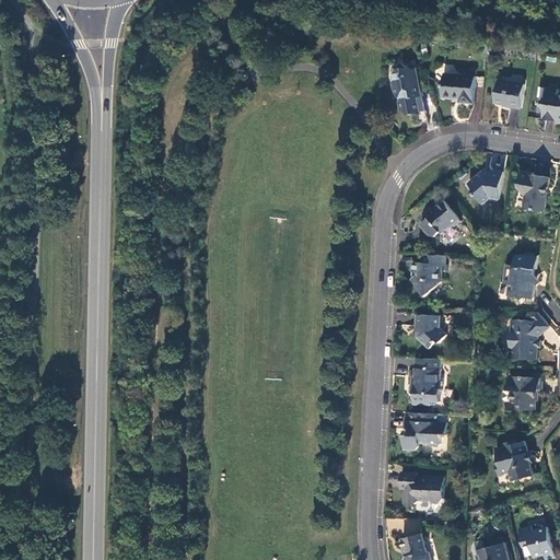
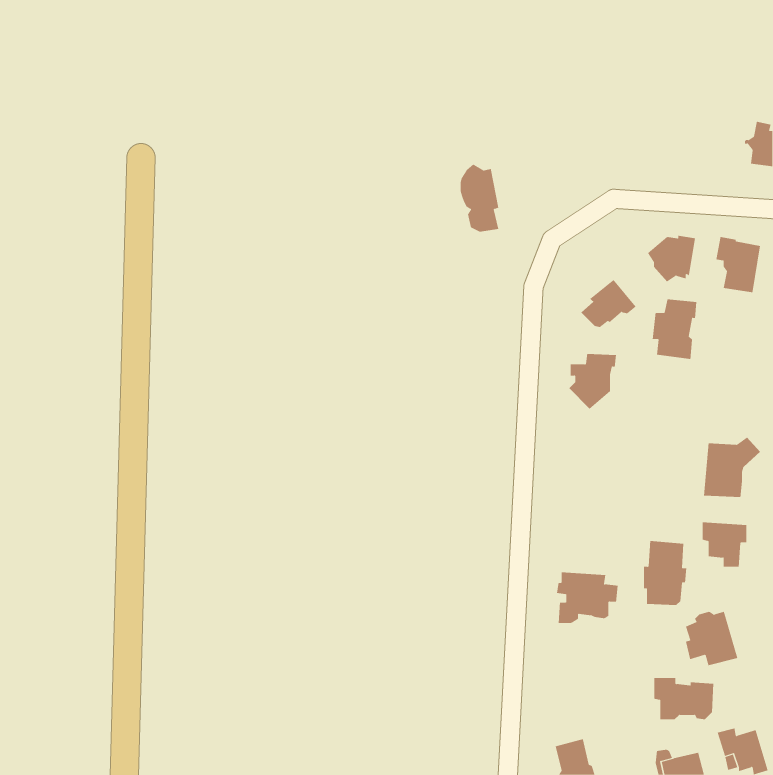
building: [392,65,420,114] -> [460,164,499,232]
building: [441,74,474,103] -> none
building: [493,80,522,108] -> none
building: [504,255,537,299] -> [652,299,697,359]
building: [417,314,446,348] -> none
building: [410,358,442,405] -> [643,540,687,606]
building: [399,472,443,503] -> [654,677,714,720]

